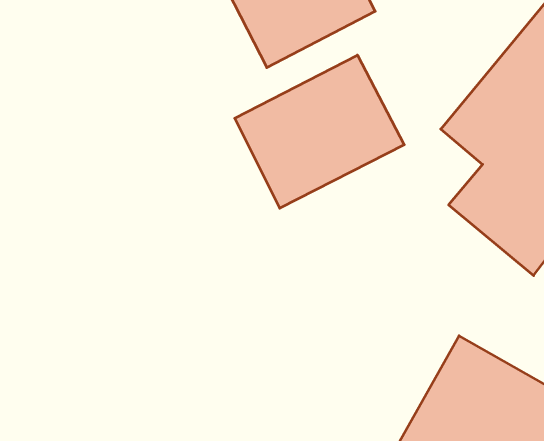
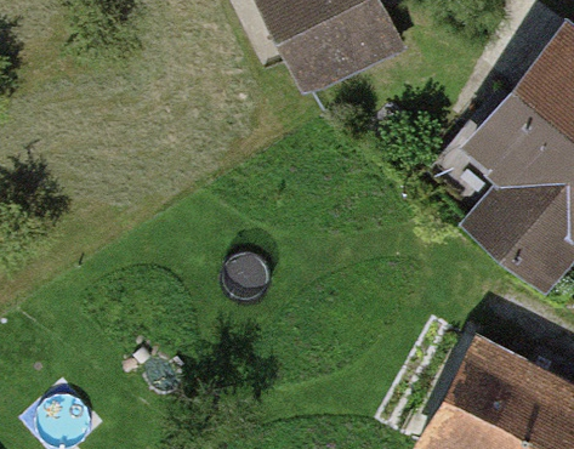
building: [235,55,404,208] -> none

